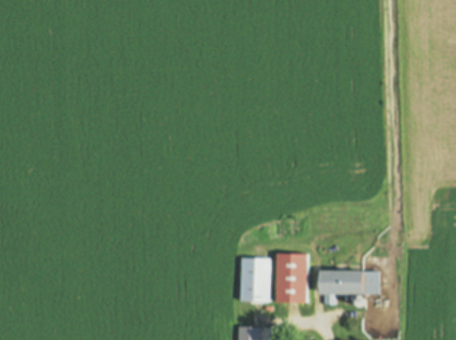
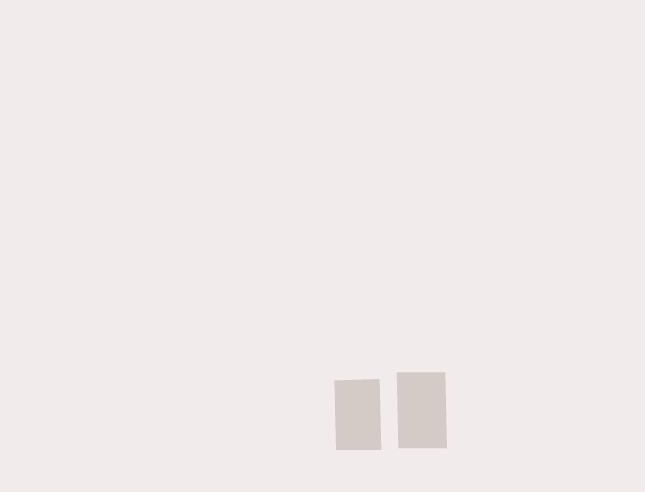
building: [323,270,371,304] -> none

